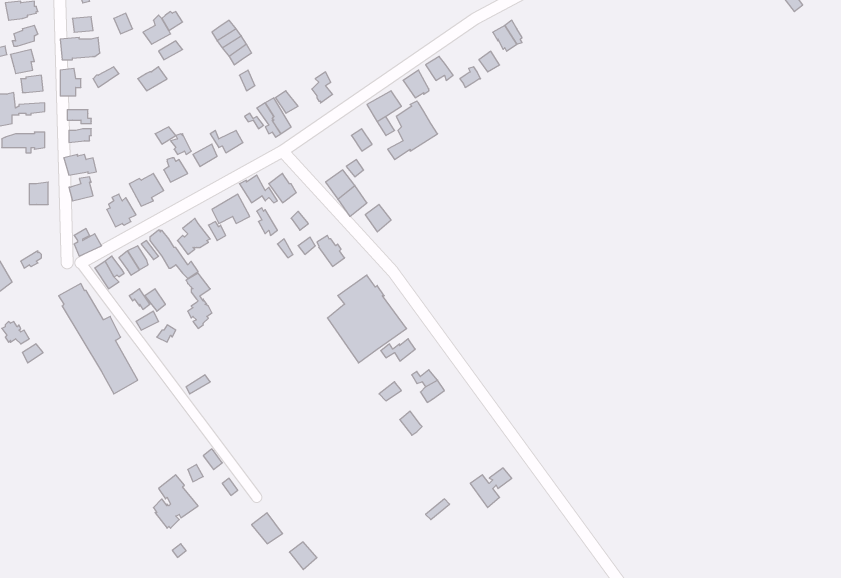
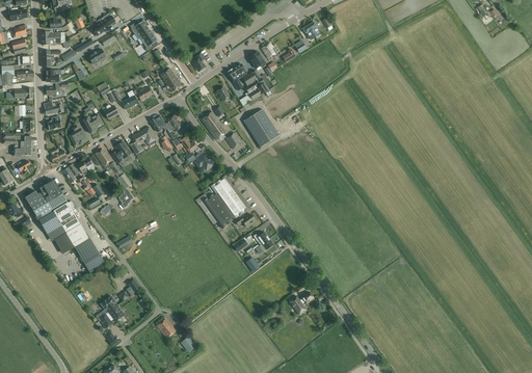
building: none -> [243,108,278,146]
building: none -> [24,192,65,241]
building: none -> [73,238,104,273]

